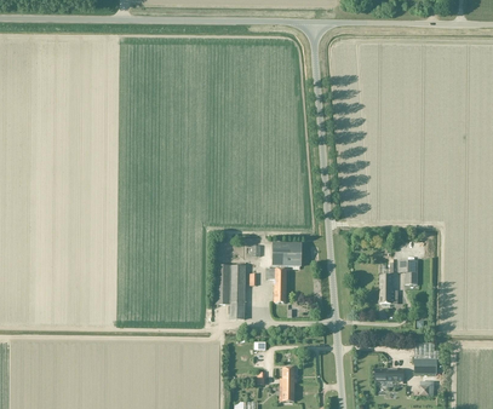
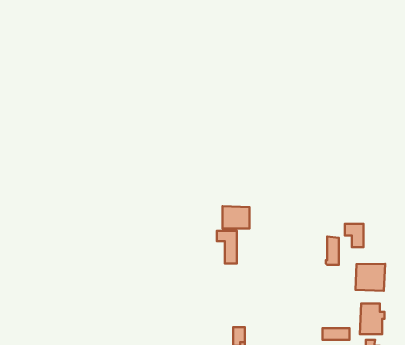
building: [216,265,246,318] -> none
building: none -> [355,264,385,291]

